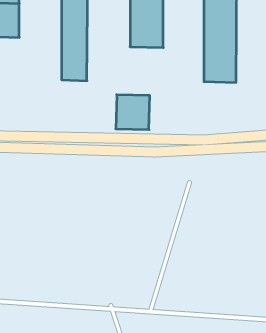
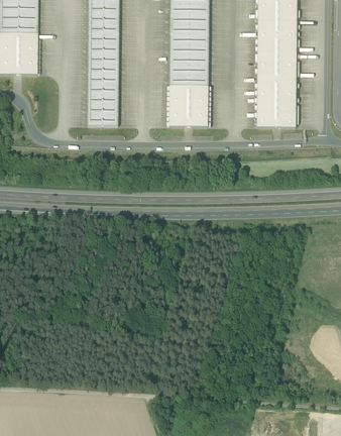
building: [116,95,150,130] -> [168,84,209,125]

